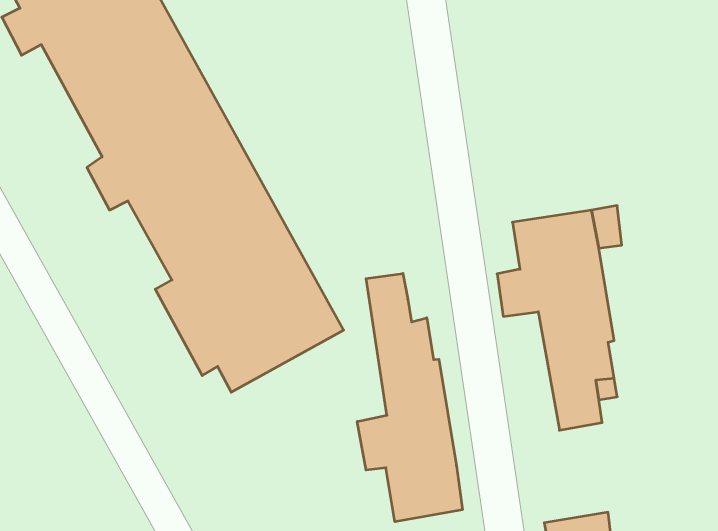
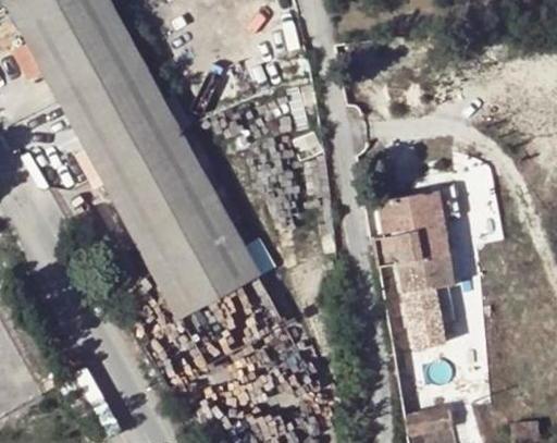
building: [357,273,462,522] -> none

